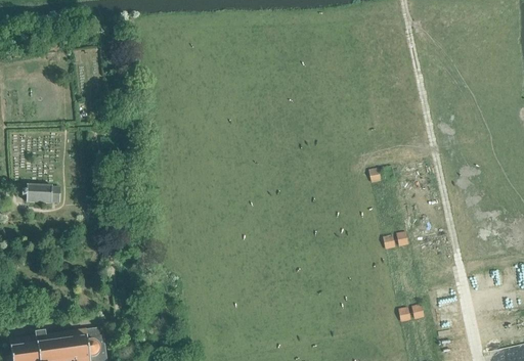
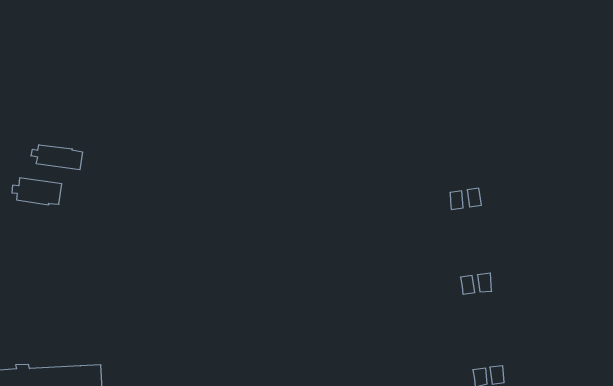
building: none -> [31,145,82,170]

